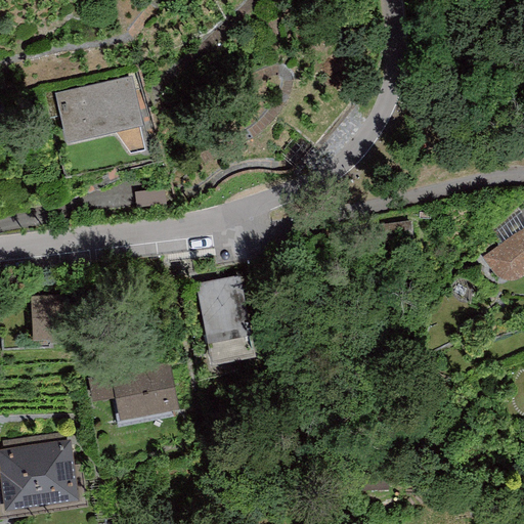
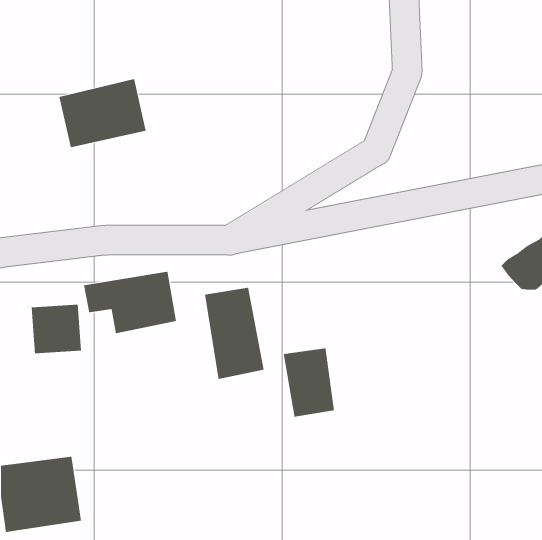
building: none -> [283,348,334,417]
building: [88,361,178,422] -> [83,271,177,334]

